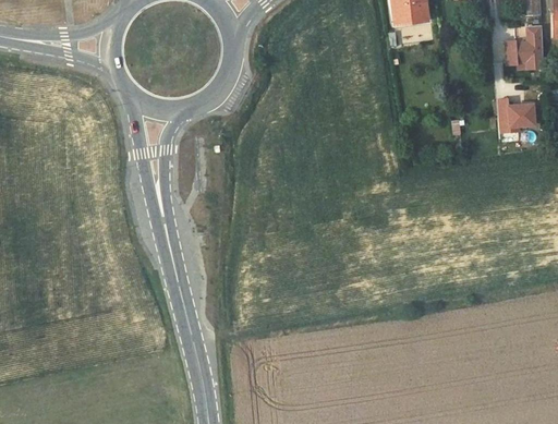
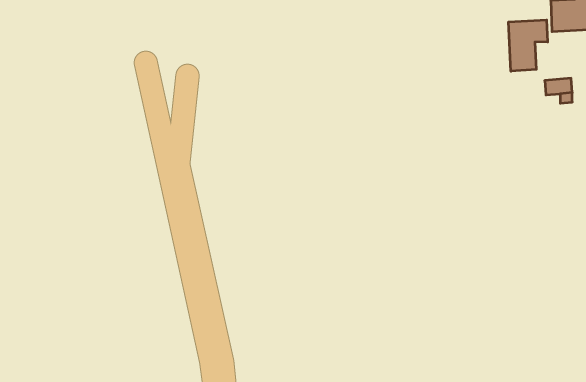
building: none -> [509,20,548,71]

